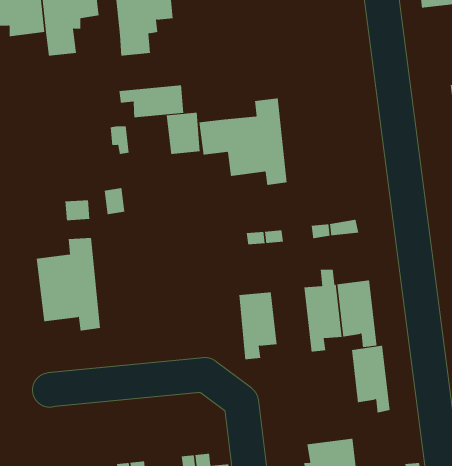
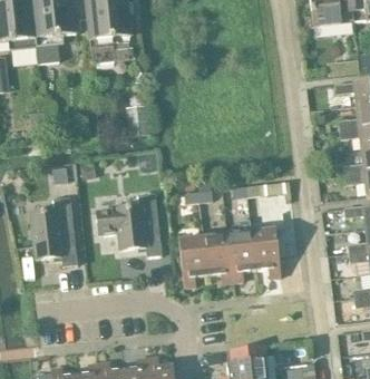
building: [119,85,184,118] -> none
building: [198,98,287,185] -> [96,192,162,256]
building: [351,345,390,413] -> [203,233,232,283]

